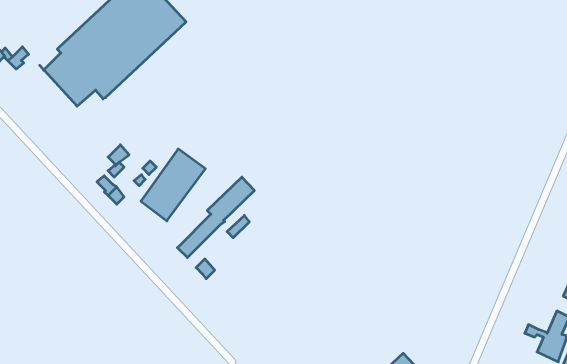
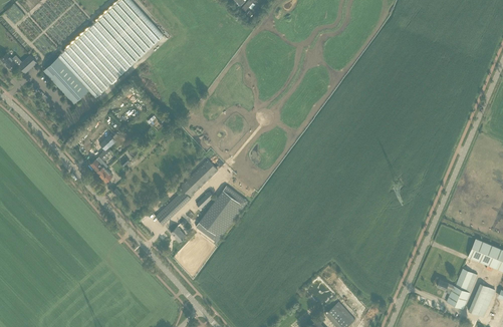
building: [141,149,205,221] -> [196,185,248,243]

